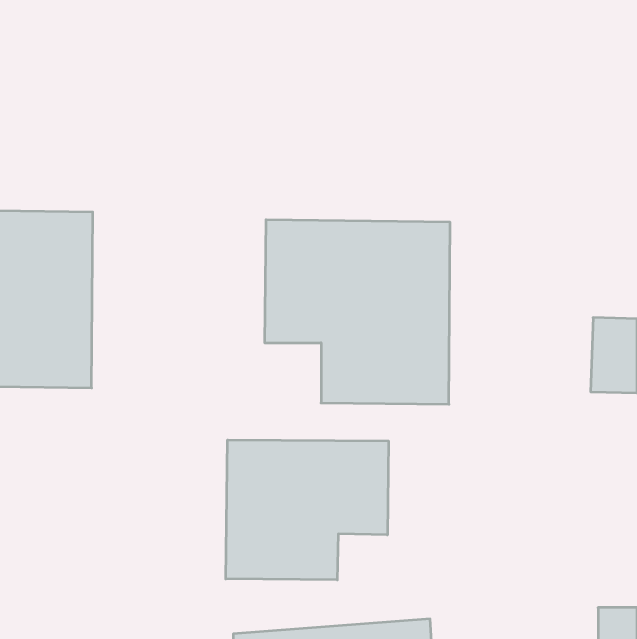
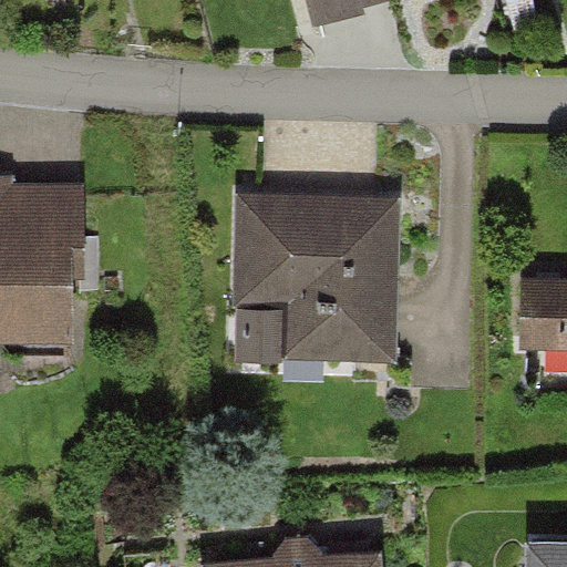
building: [226,440,388,580] -> none

